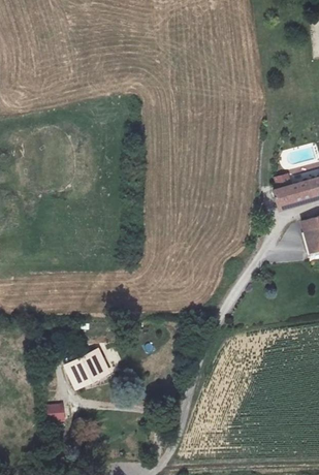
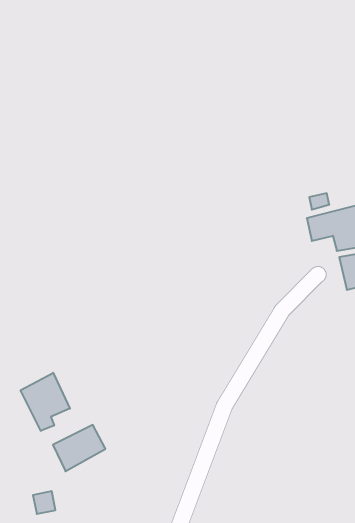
building: none -> [21,373,70,431]

